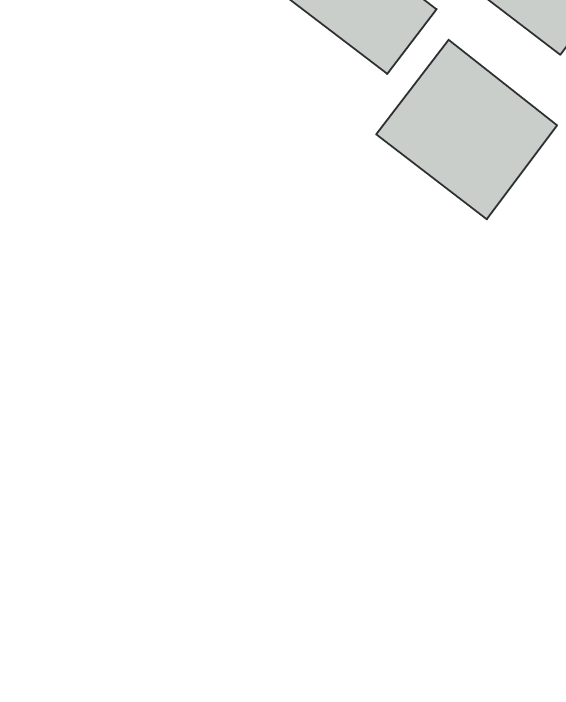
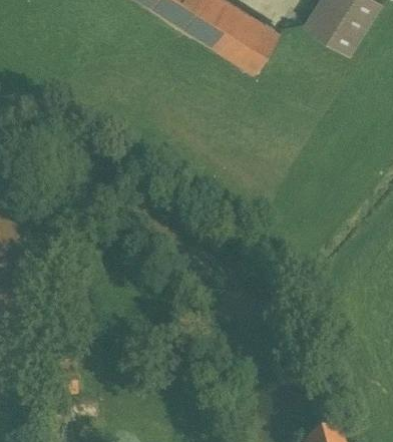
building: [376,40,557,219] -> none

